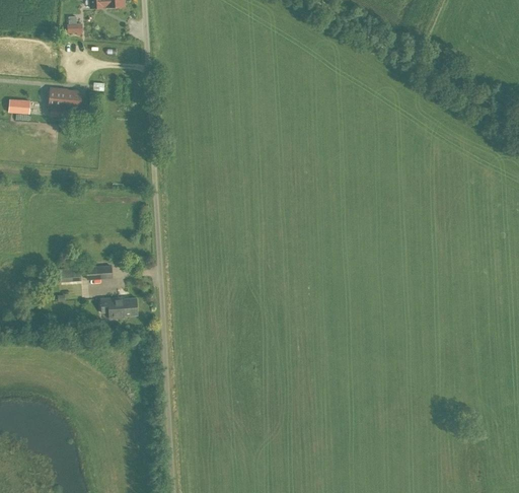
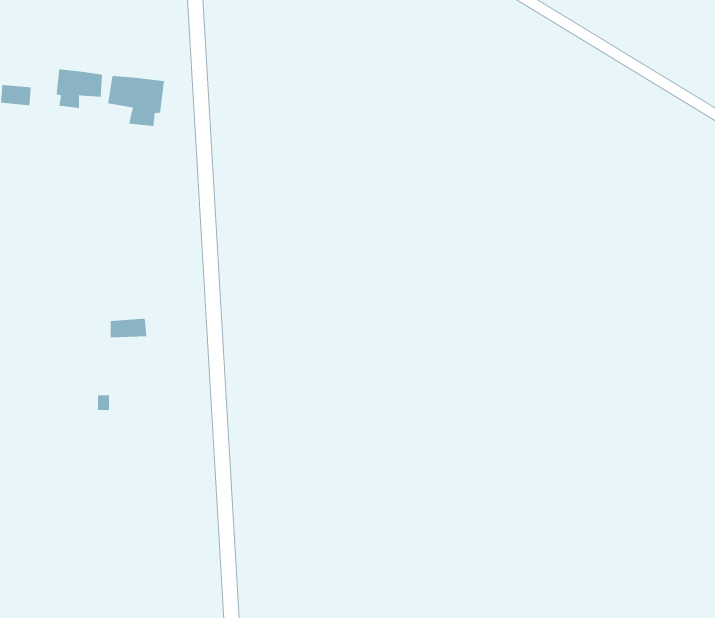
building: none -> [107,75,164,127]
building: [100,296,137,318] -> none

